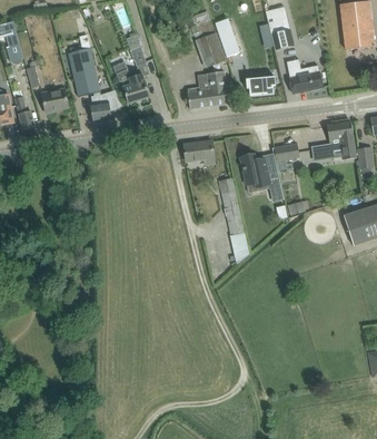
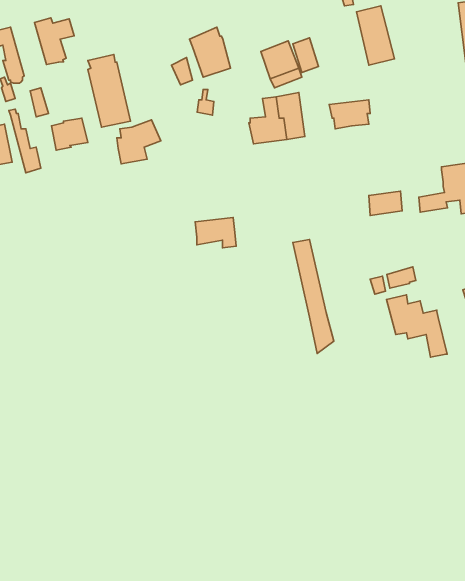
building: none -> [35,18,74,64]
building: [286,59,321,94] -> none
building: [118,67,148,104] -> [190,27,231,77]
building: [183,142,214,164] -> [195,217,236,248]
building: [239,155,284,201] -> [387,295,447,357]

